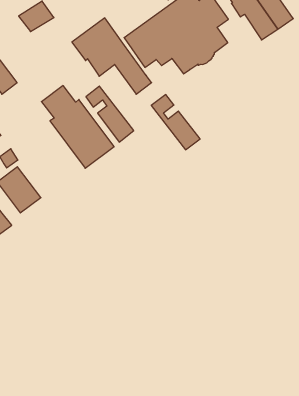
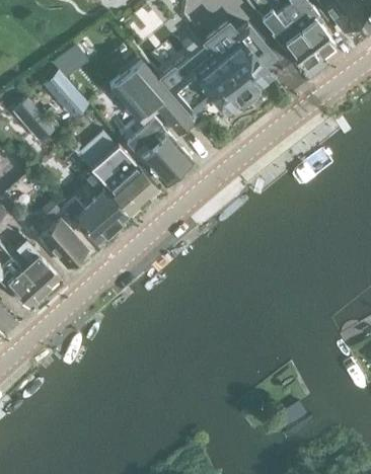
building: none -> [42,71,88,120]
building: [151,95,200,150] -> [139,117,192,173]
building: none -> [62,191,127,244]

